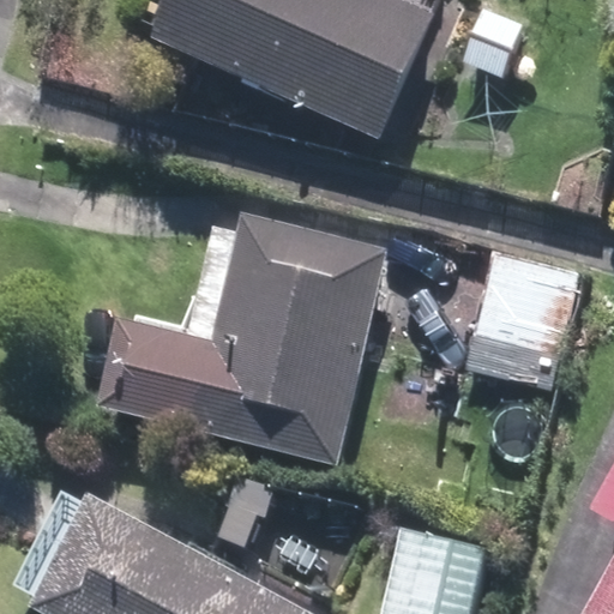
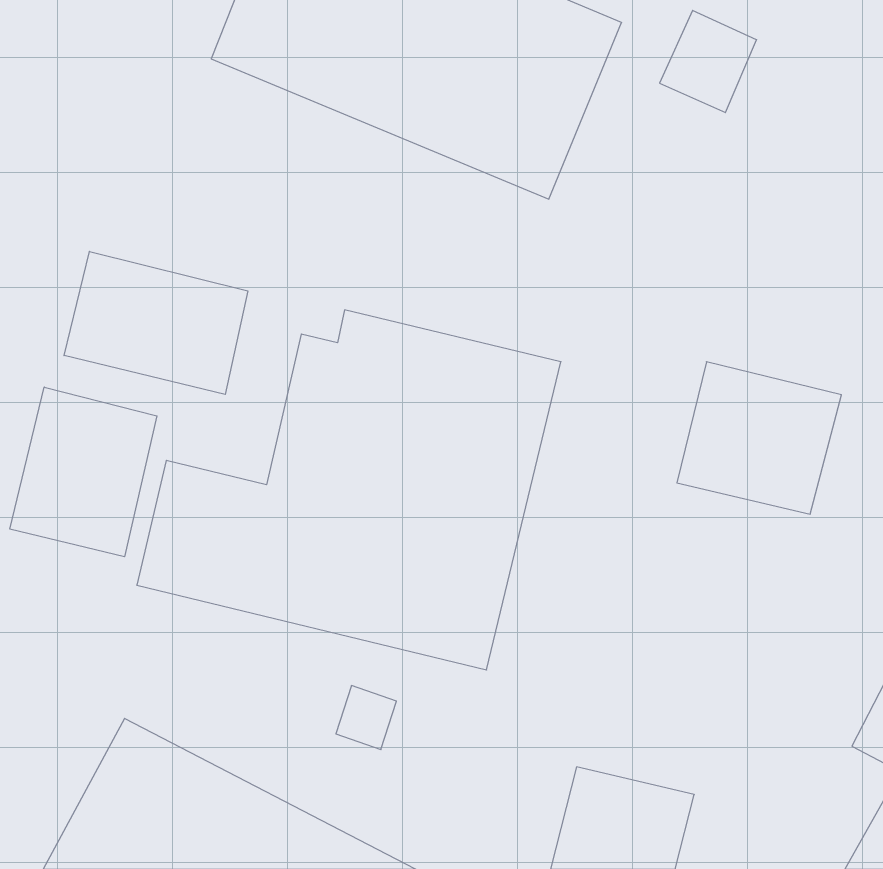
building: none -> [64,251,248,394]
building: none -> [10,387,157,557]

